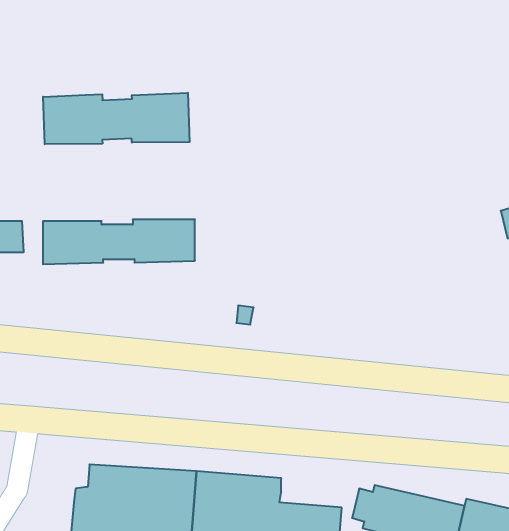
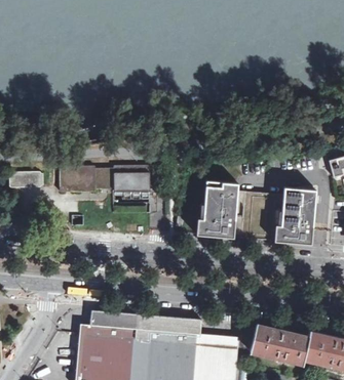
building: [43,93,190,144] -> none
building: none -> [205,180,318,244]

